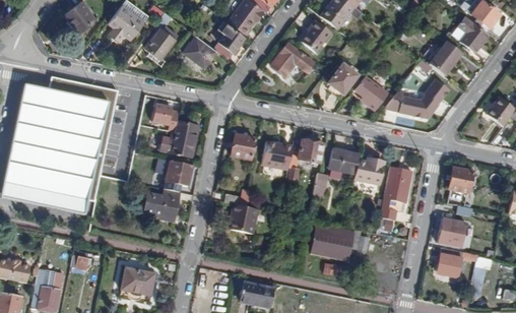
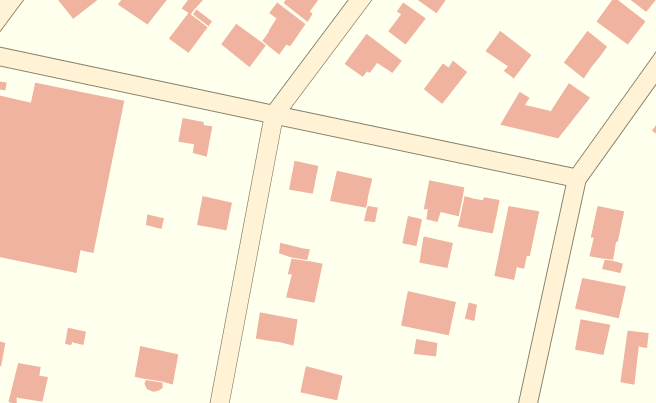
building: [353,75,388,111] -> [484,30,533,79]
building: [159,121,196,158] -> none
building: [298,139,323,163] -> [419,236,454,268]
building: [143,186,180,221] -> none
building: none -> [255,311,298,346]

